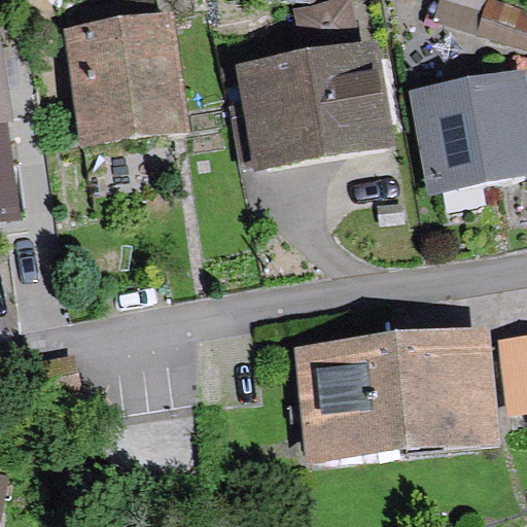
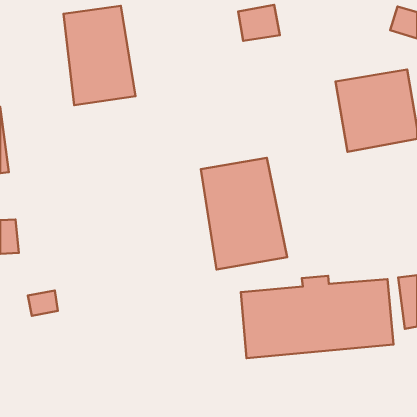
building: [236,67,378,168] -> none
building: none -> [201,158,287,269]

